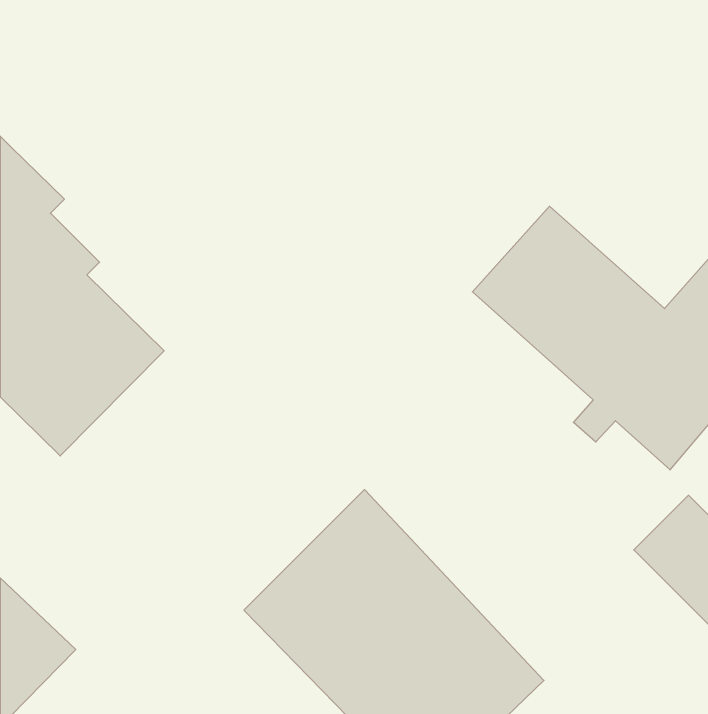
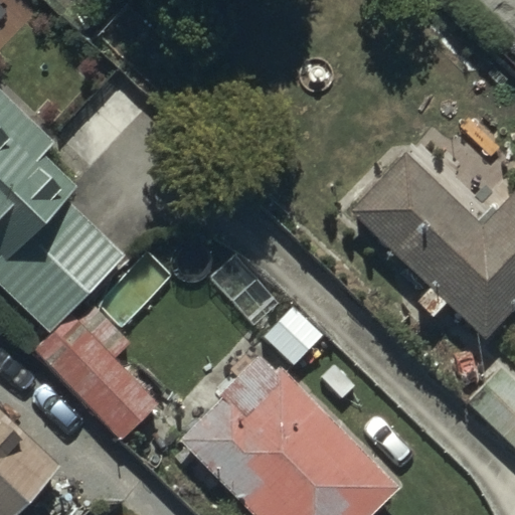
building: none -> [33,299,159,439]

